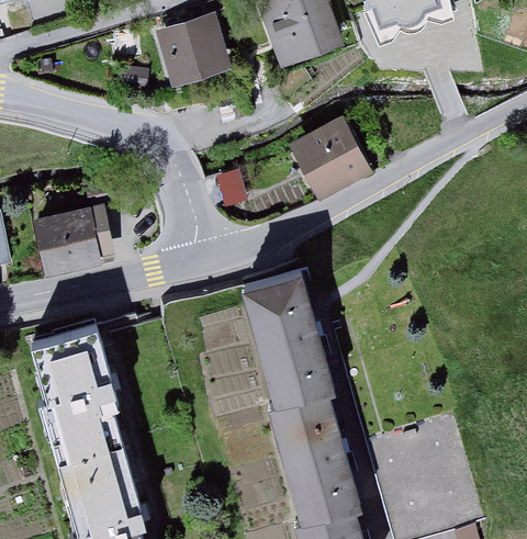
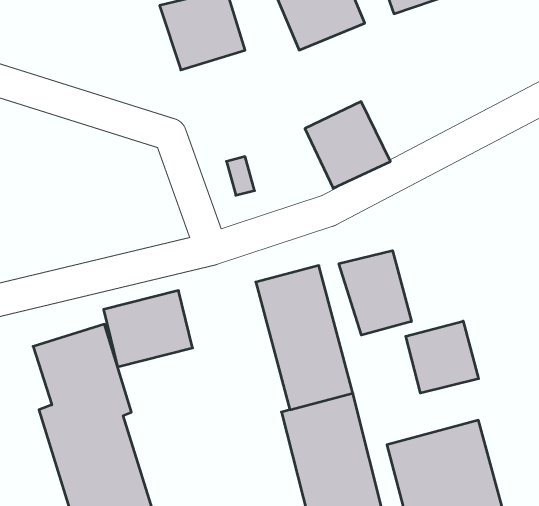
building: [34,203,117,274] -> [104,291,193,367]
building: none -> [339,251,411,335]
building: none -> [406,321,479,393]

